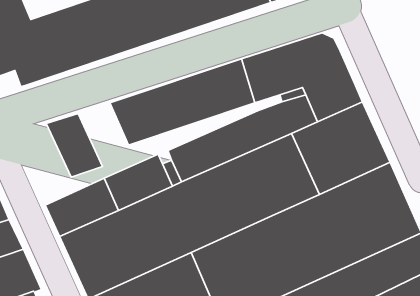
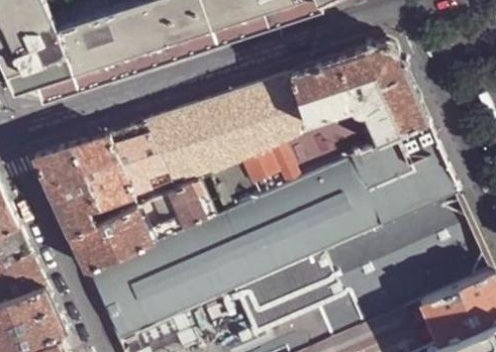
building: none -> [107,125,169,197]
building: none -> [33,148,105,240]

